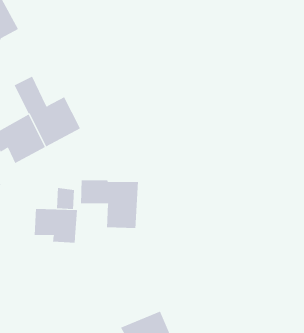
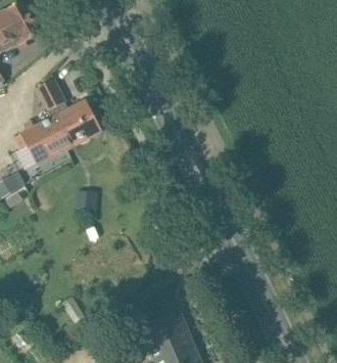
building: [80,179,138,229] -> none
building: [34,208,78,243] -> none

